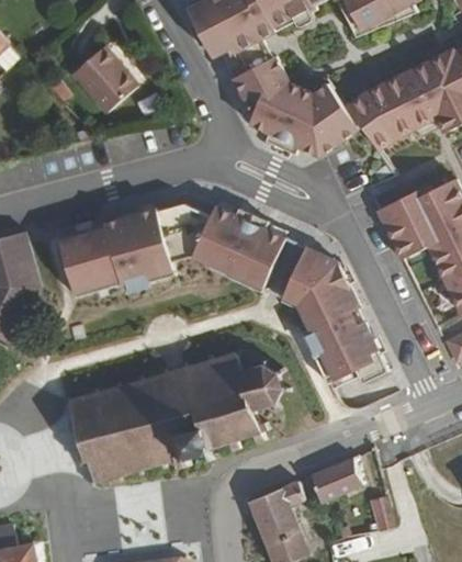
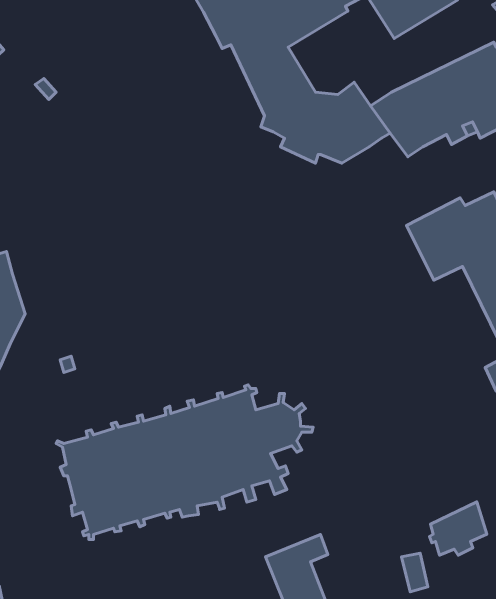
building: [74,44,139,112] -> none
building: [58,204,286,296] -> none
building: [281,246,387,382] -> none
building: [312,454,362,502] -> [429,502,487,555]

